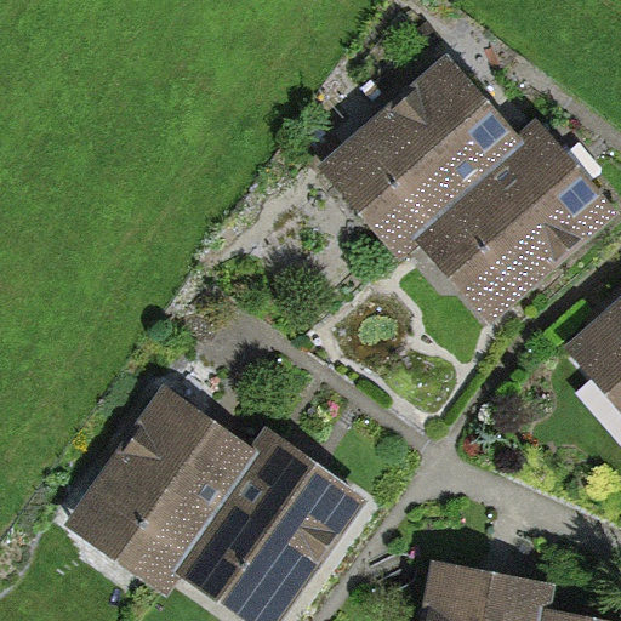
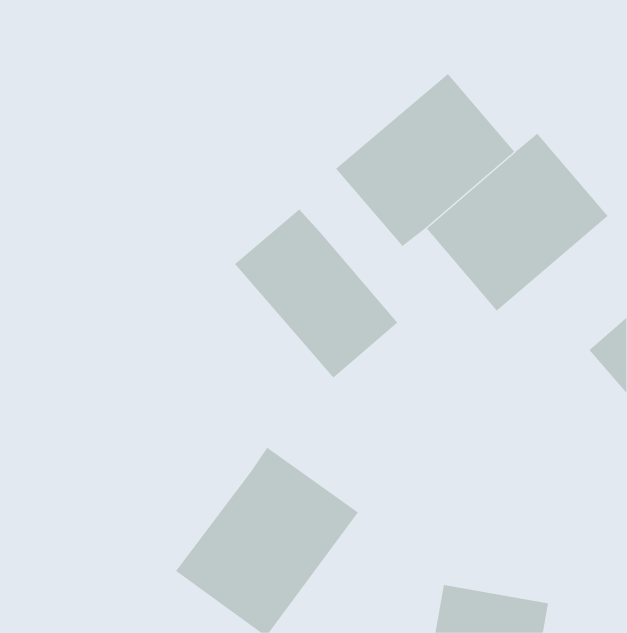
building: none -> [234,208,398,379]
building: [70,399,245,581] -> none

